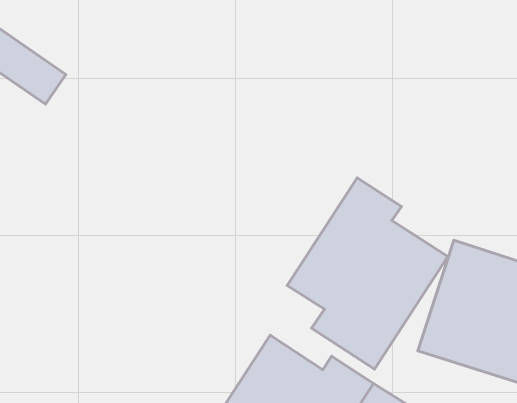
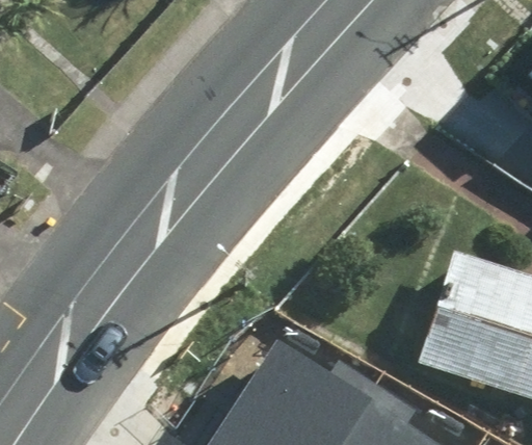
building: [287,178,448,369] -> none

